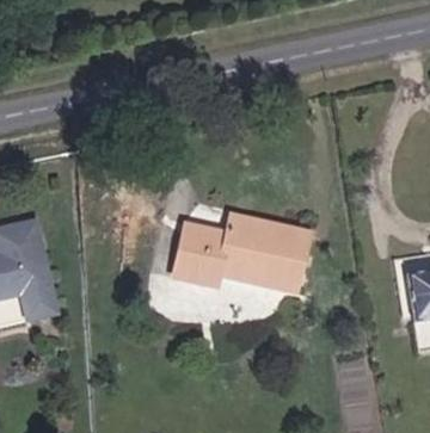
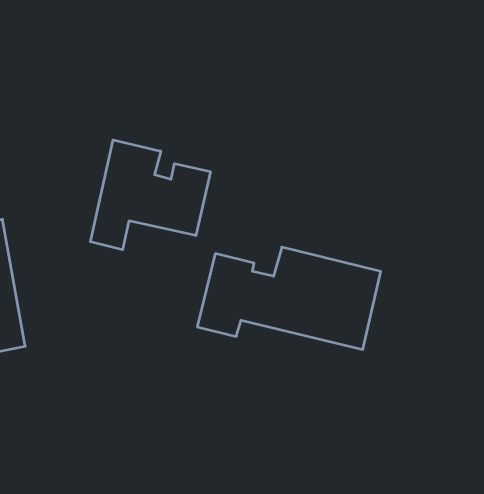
building: none -> [90,140,210,250]

